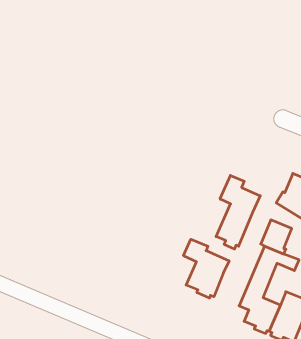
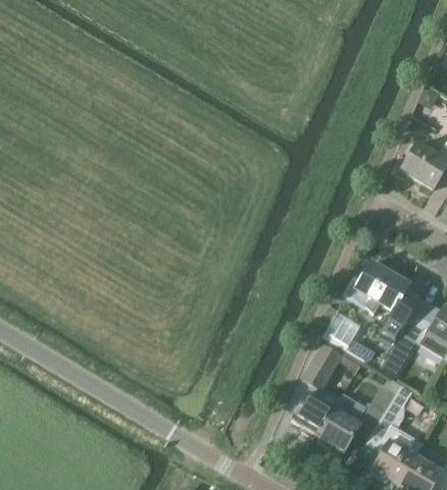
building: [216,175,260,249] -> none
building: [183,239,229,298] -> none

